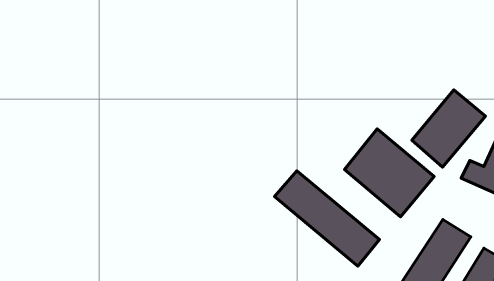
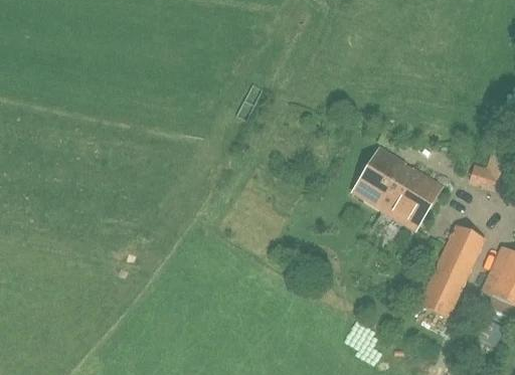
building: [412,90,485,167] -> none
building: [274,171,380,266] -> none

